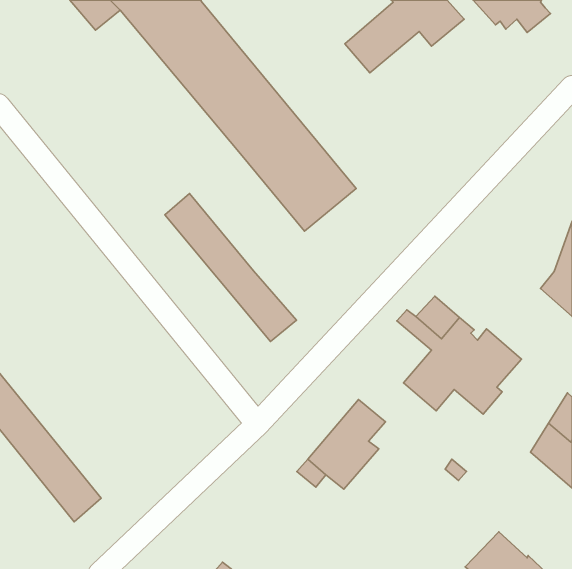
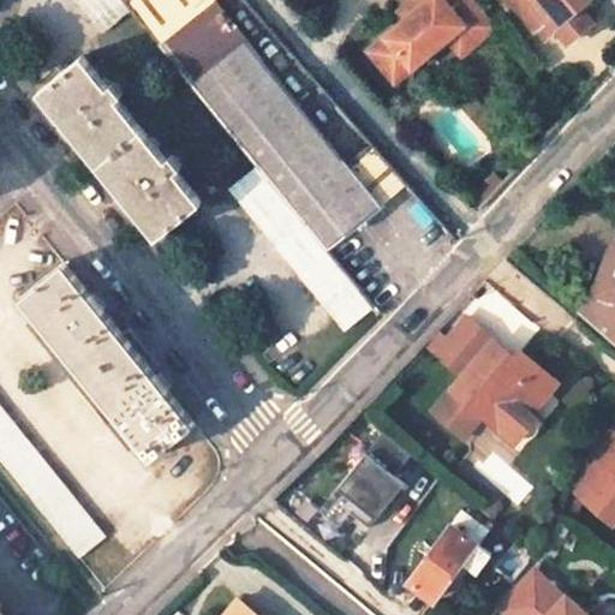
building: none -> [38,60,201,239]
building: [165,193,296,342] -> [231,169,371,328]
building: none -> [22,267,195,460]
building: none -> [406,514,488,603]

